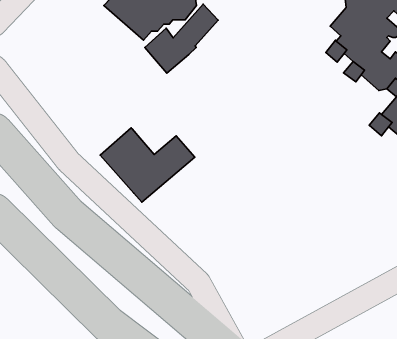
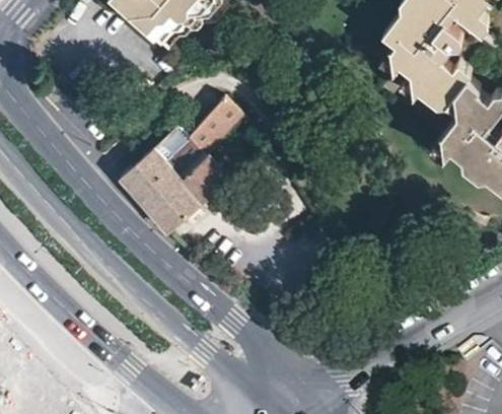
building: [145,4,218,73] -> [154,101,238,181]

